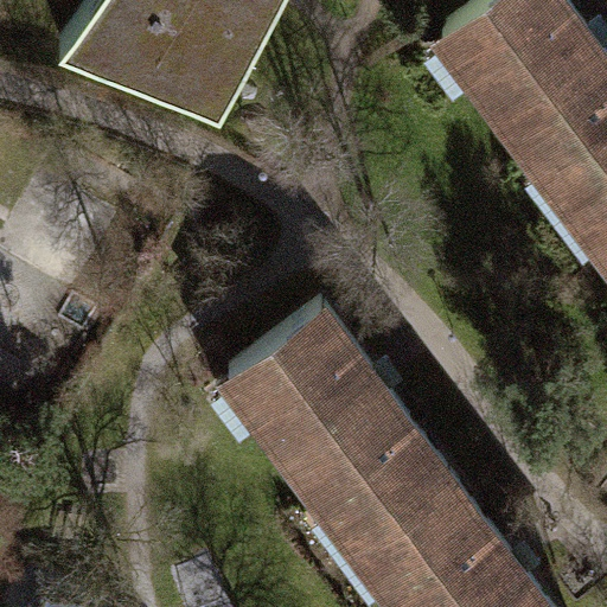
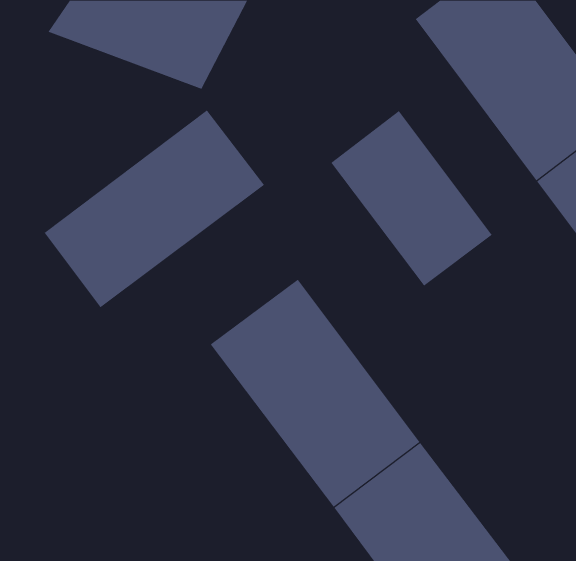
building: none -> [44,109,265,308]
building: none -> [330,110,493,286]

